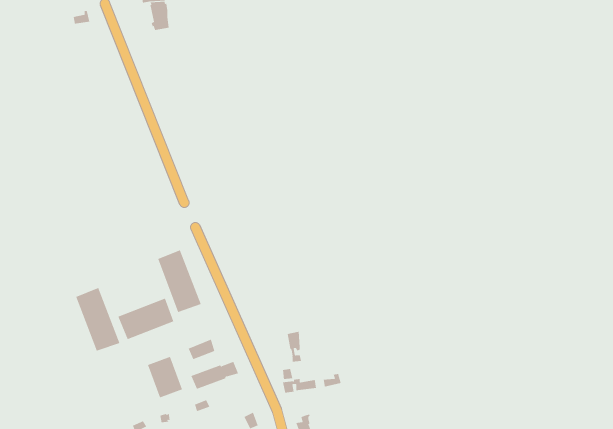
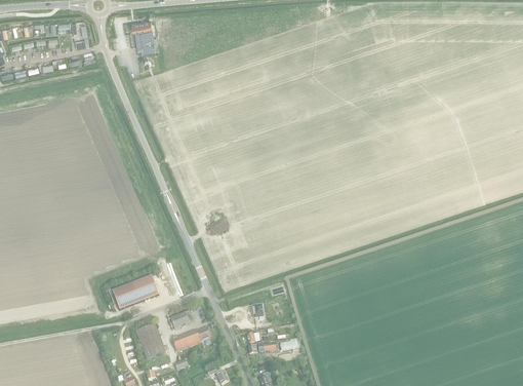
building: [158,249,201,313] -> none
building: [76,287,120,352] -> none

